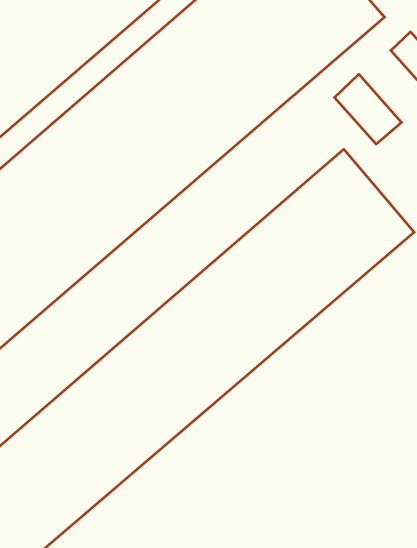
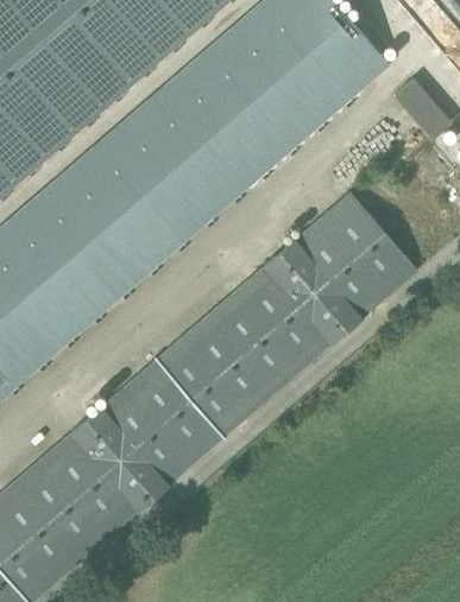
building: [334,74,402,144] -> none

